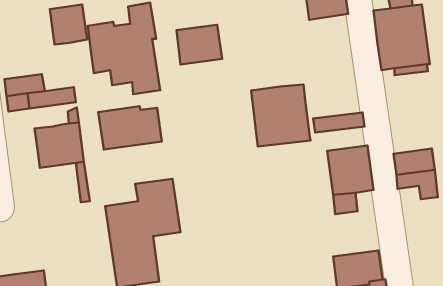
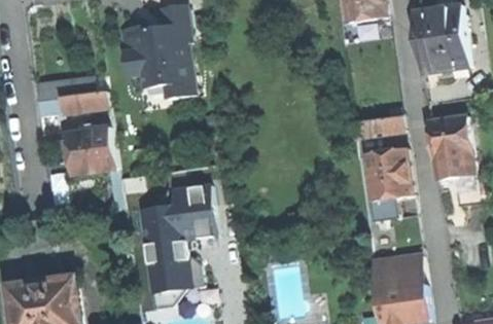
building: [50,5,87,44] -> none
building: [176,25,222,65] -> none
building: [251,84,311,147] -> none
building: [98,106,162,150] -> none
building: none -> [428,114,472,157]

